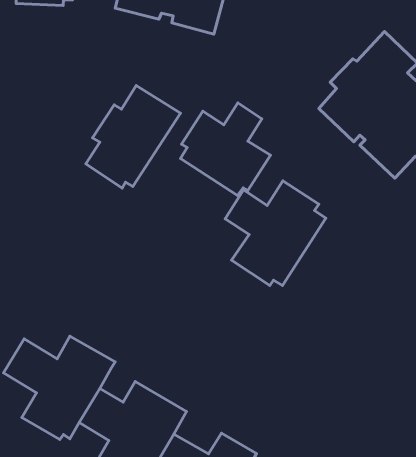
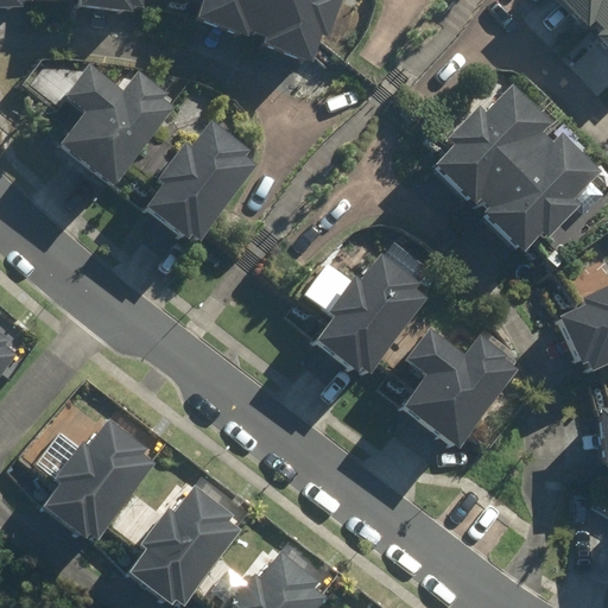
building: none -> [58,62,179,188]
building: [180,103,270,196] -> none
building: none -> [401,324,521,450]

